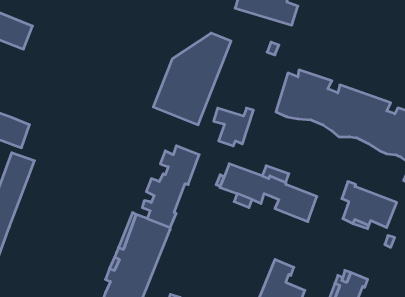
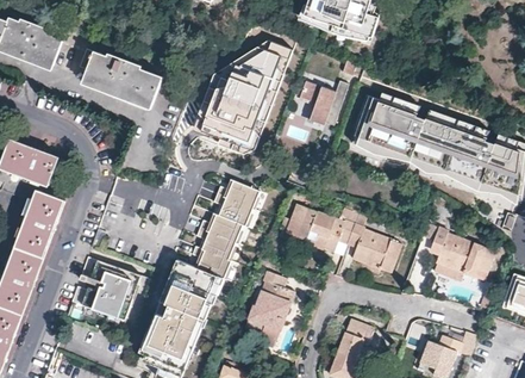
building: none -> [76,48,161,105]
building: [214,108,253,146] -> [298,81,345,126]
building: none -> [70,259,139,320]
building: none -> [244,271,294,347]

